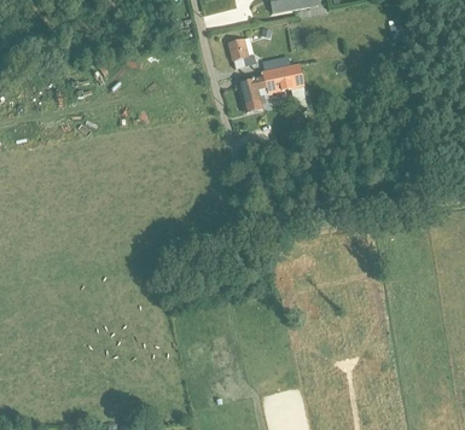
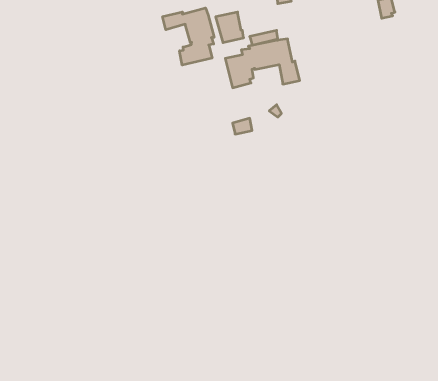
building: none -> [163,8,214,65]

